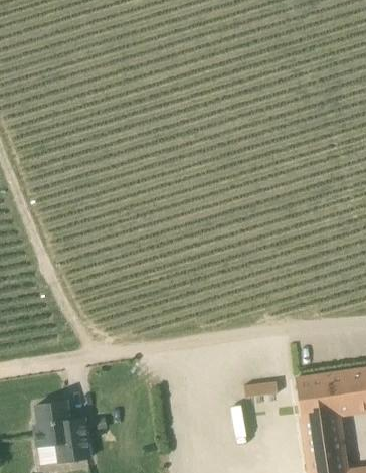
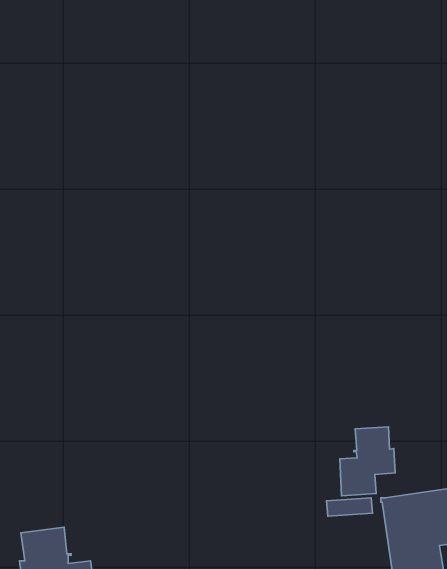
building: none -> [340,427,395,496]

